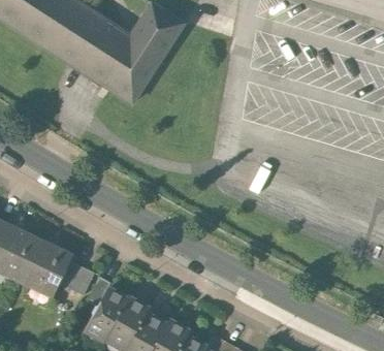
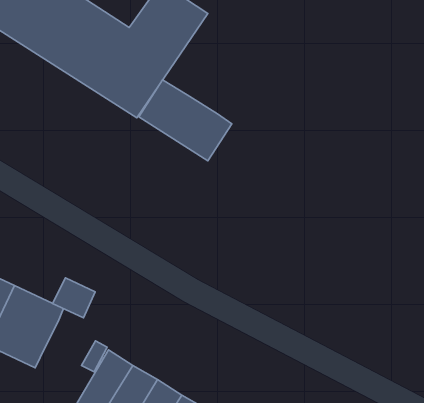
building: none -> [139,80,232,161]
building: [60,264,94,296] -> [53,278,95,318]

